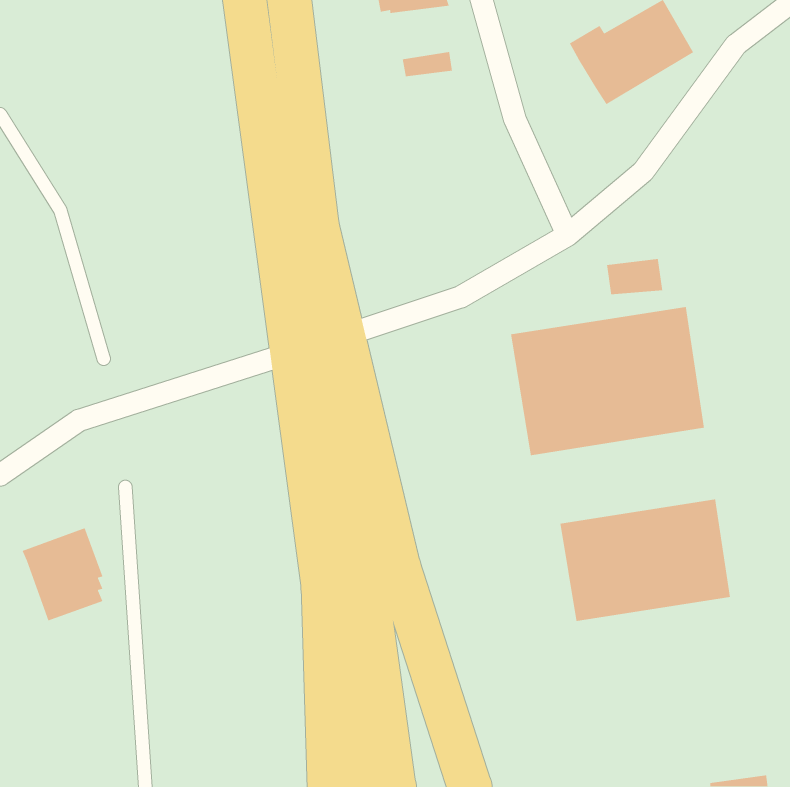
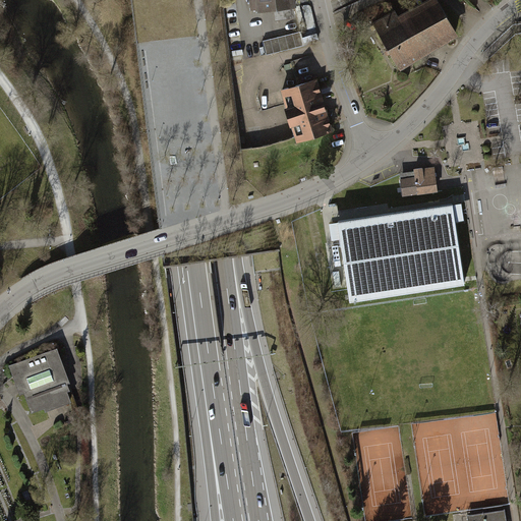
building: none -> [280,80,331,143]
building: [560,499,731,622] -> none

